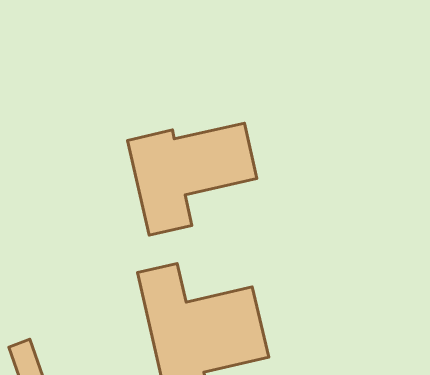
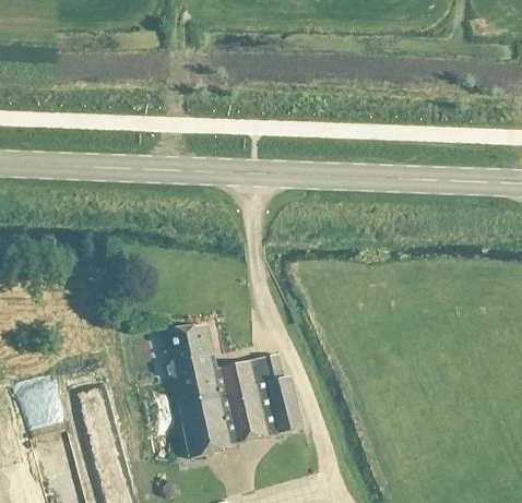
building: [128,123,257,235] -> none

